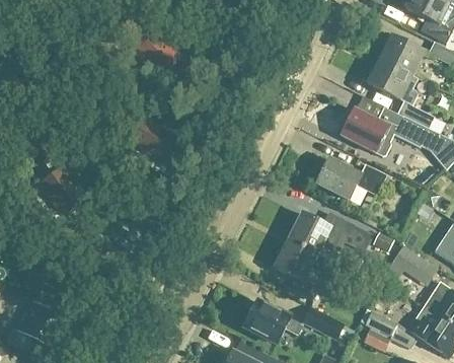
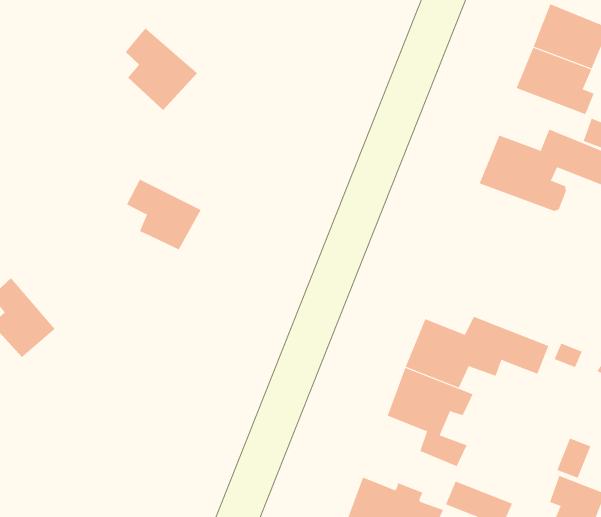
building: [316,158,385,200] -> none

